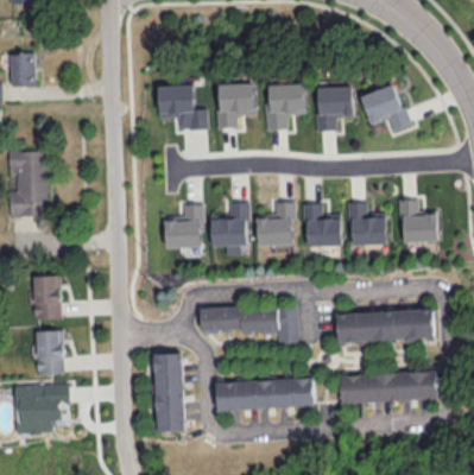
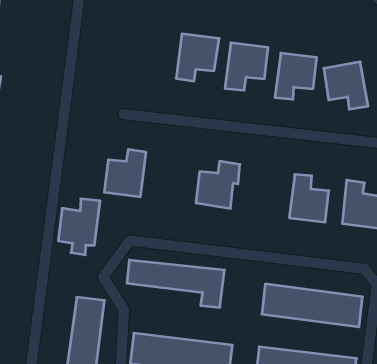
building: [159,86,208,131] -> none
building: [210,202,247,256] -> [58,199,100,255]
building: [303,204,340,247] -> none

